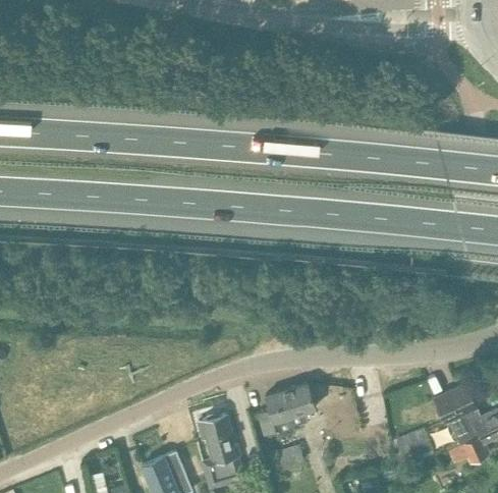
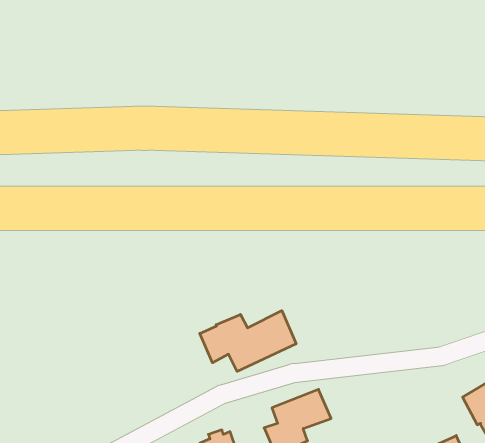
building: none -> [200,311,296,371]

